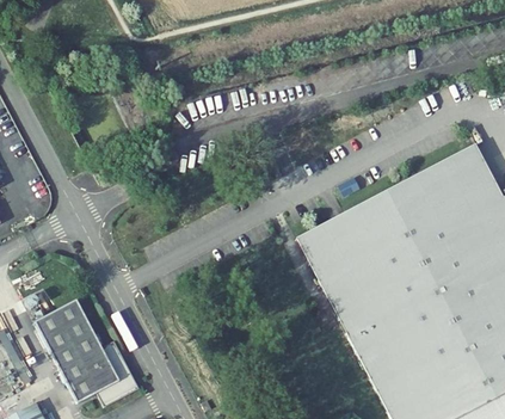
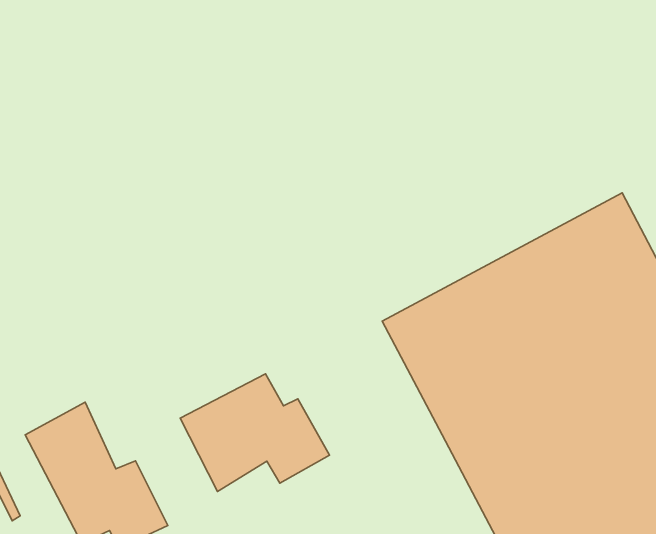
building: none -> [180,374,330,492]

